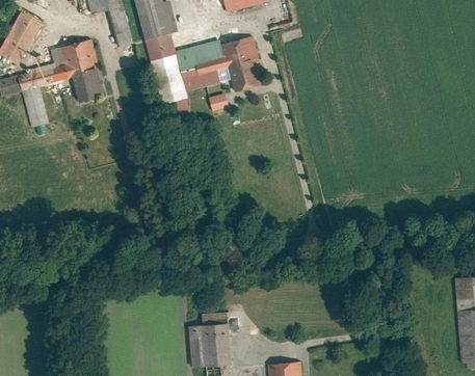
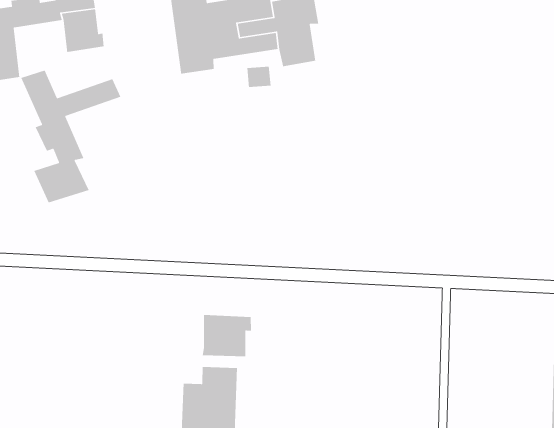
building: none -> [20,70,121,203]
building: none -> [202,314,252,357]

